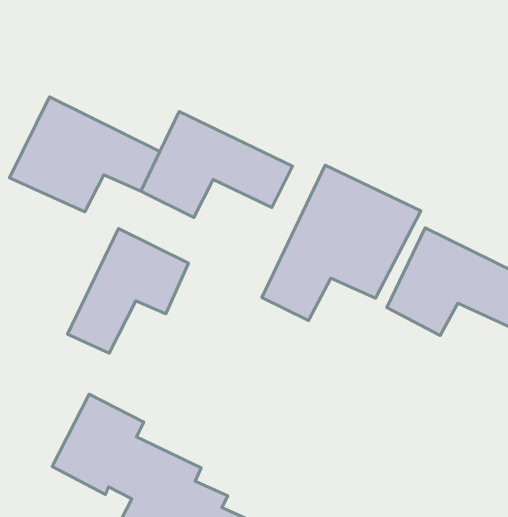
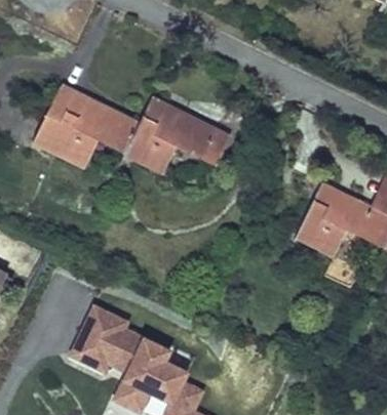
building: [262,165,421,320] -> none
building: [68,228,189,353] -> none

